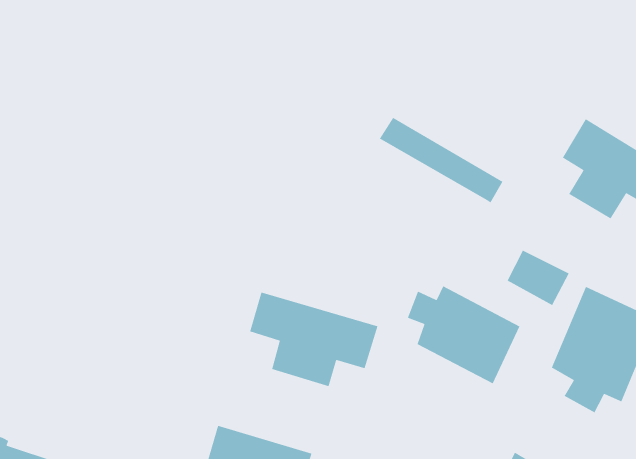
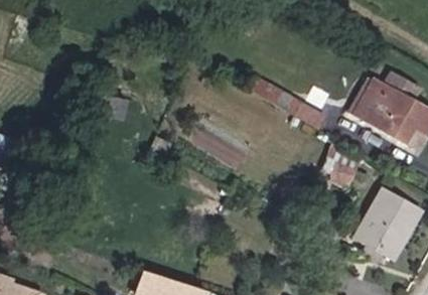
building: [407,285,521,385] -> none
building: [249,292,378,387] -> none

